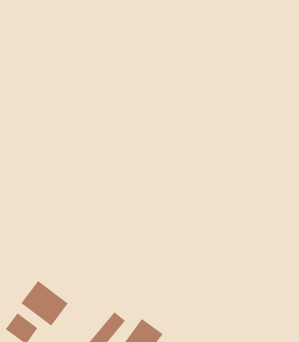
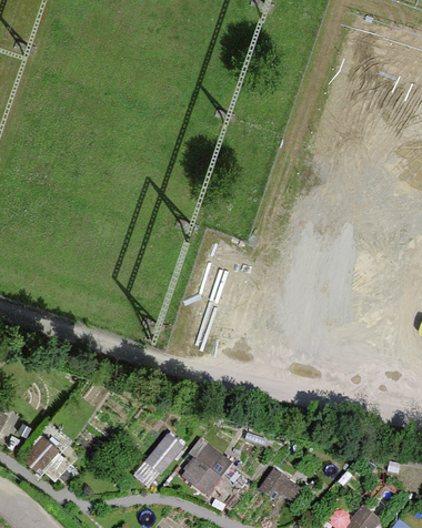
building: [21,280,69,326] -> none

